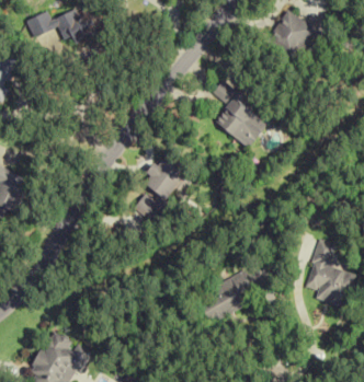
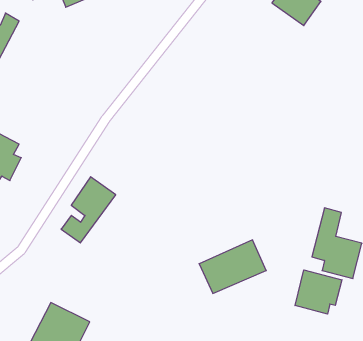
building: [213,82,270,148] -> none
building: [134,155,186,219] -> [61,177,116,243]
building: none -> [295,270,342,314]

